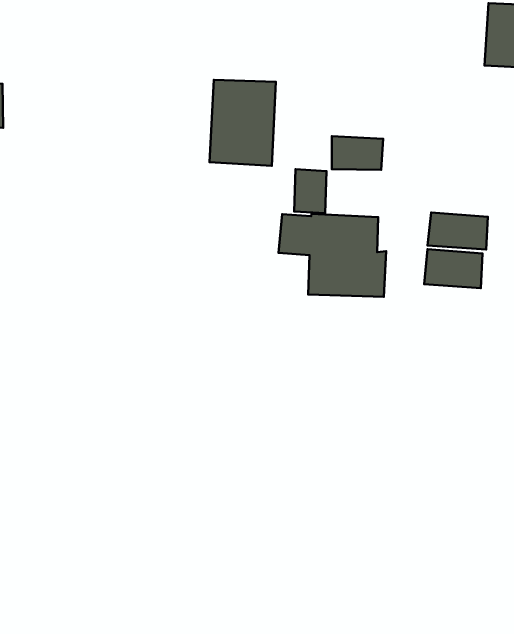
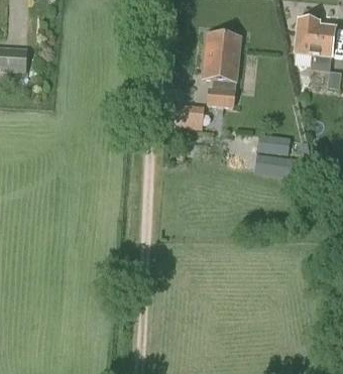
building: [209,80,276,166] -> [201,33,240,83]
building: [279,214,386,297] -> none

